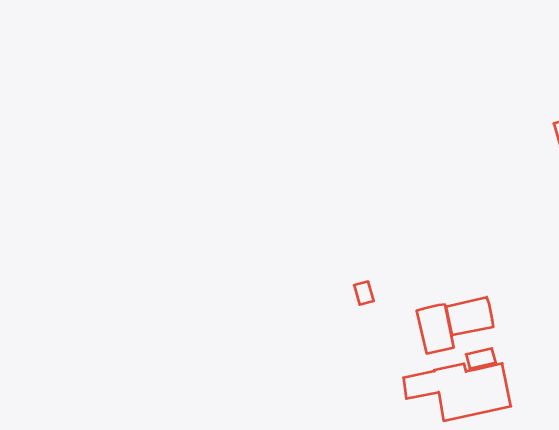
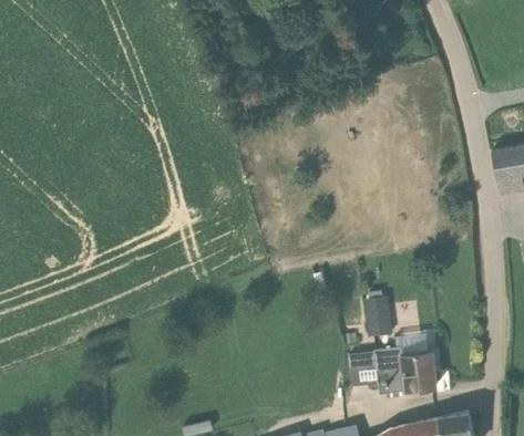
building: [446,297,493,335] -> none

